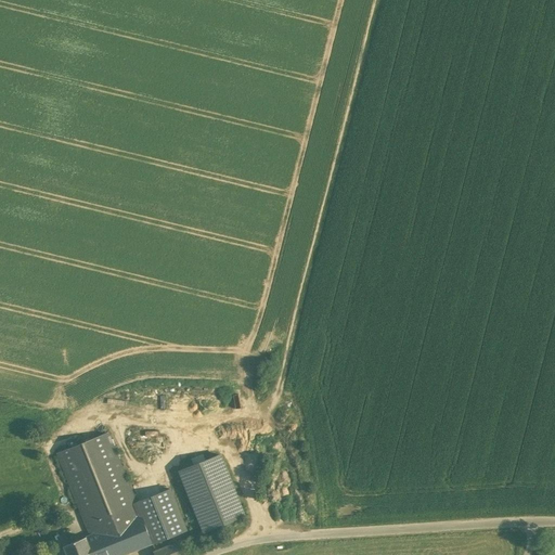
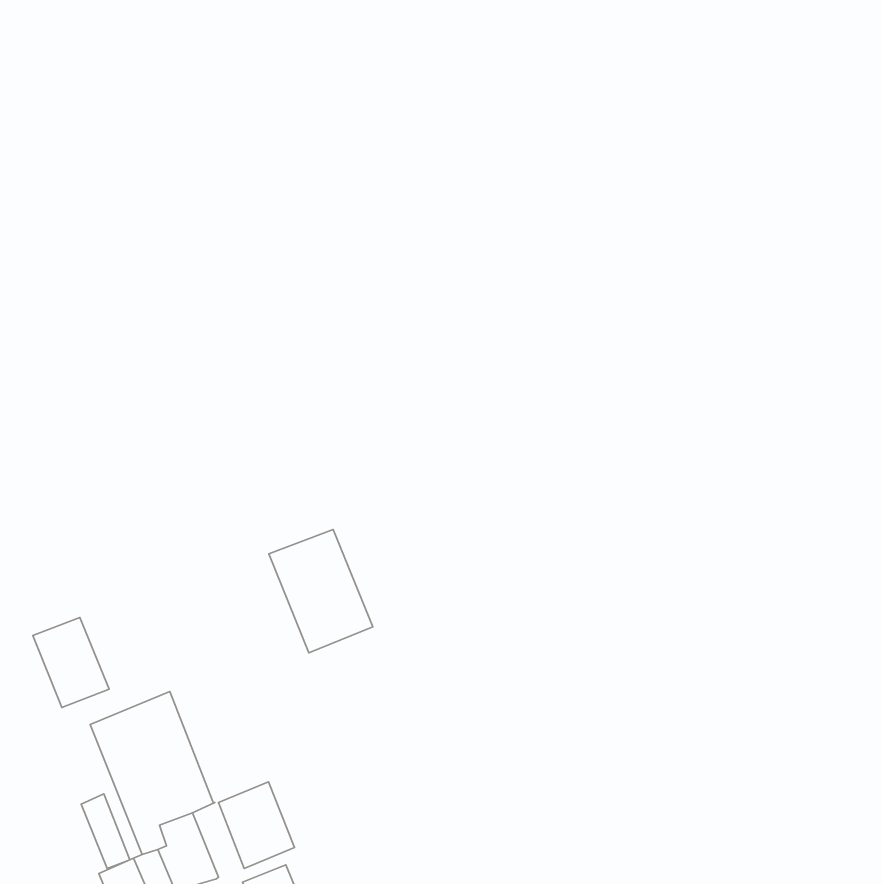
building: none -> [33,617,109,707]
building: [178,456,243,533] -> [269,530,373,653]
building: [120,503,151,550] -> [81,794,130,868]

